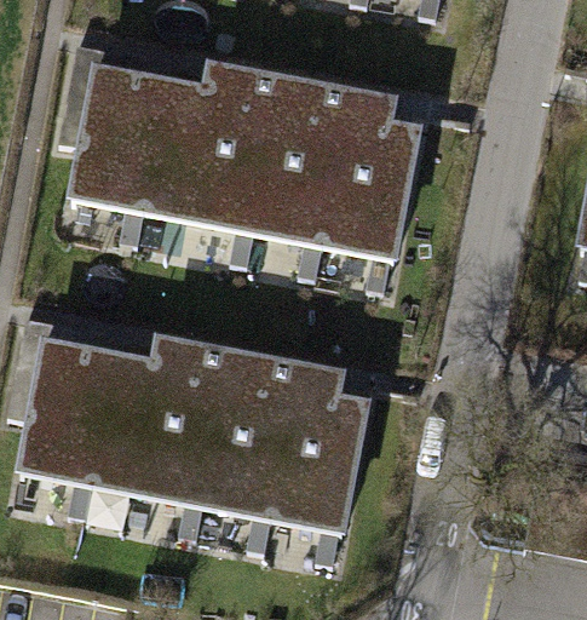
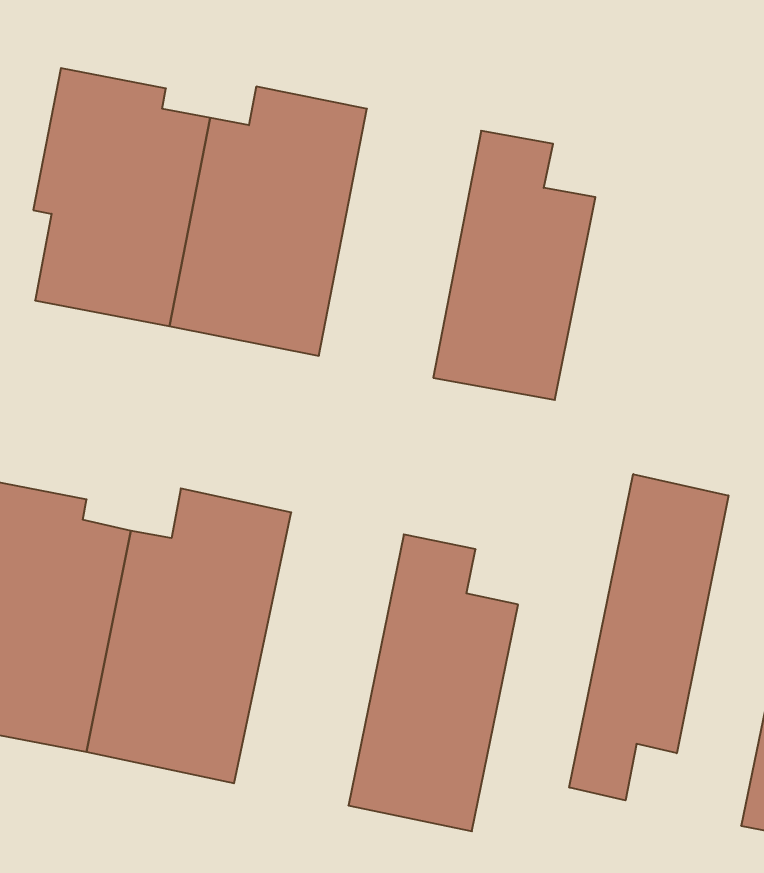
building: [251,71,357,248] -> none
building: none -> [569,474,728,800]
building: [195,337,306,529] -> none

